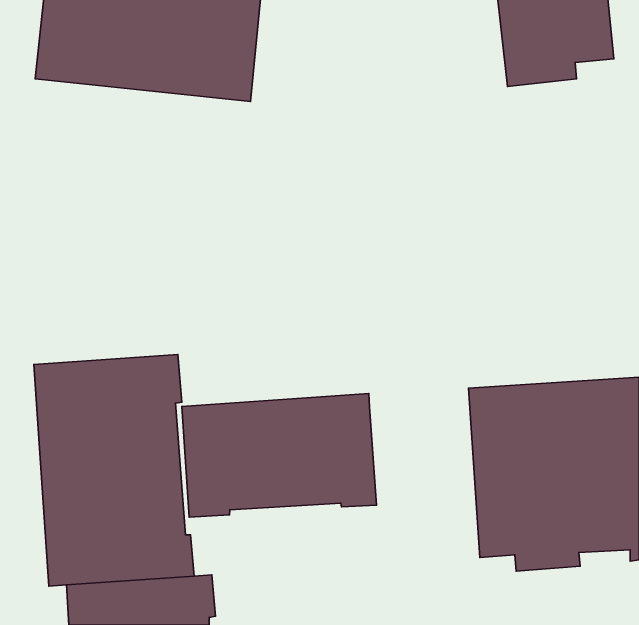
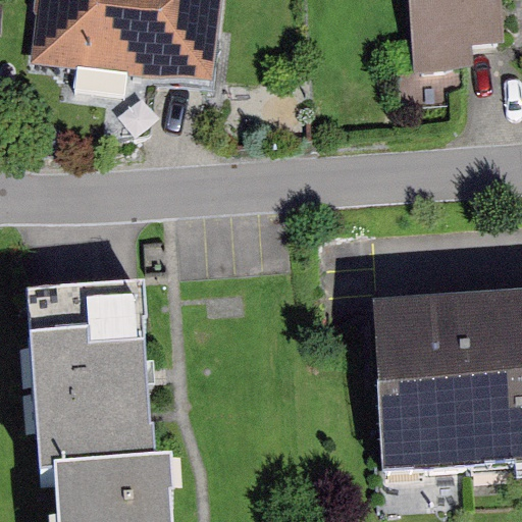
building: [182,393,376,517] -> none

